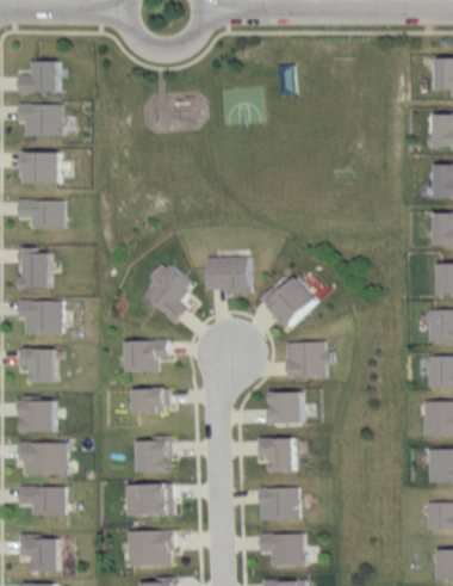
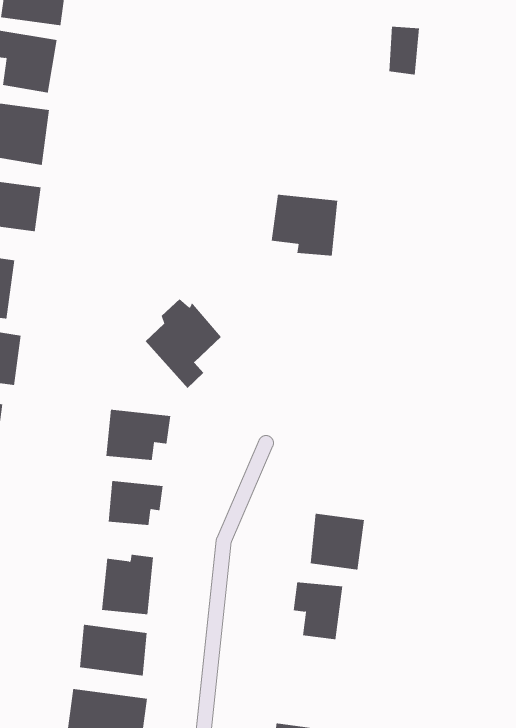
building: [207,255,249,294] -> [271,194,338,256]
building: [256,276,322,333] -> none
building: [284,339,333,381] -> none
building: [260,487,298,520] -> none

